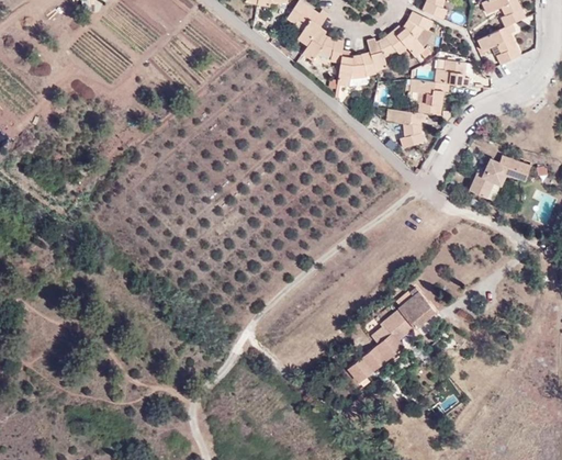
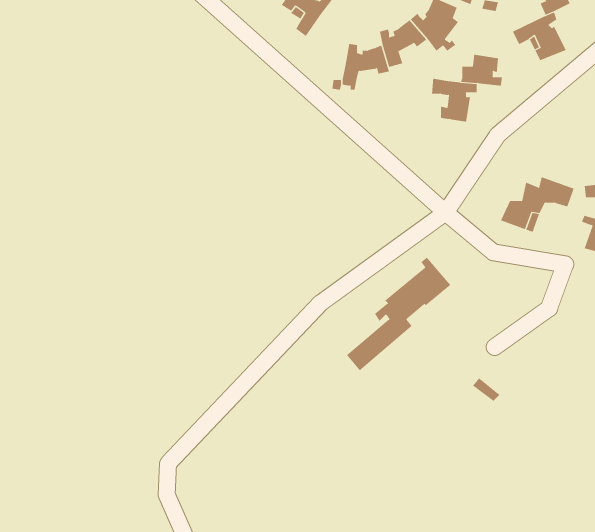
building: [301,26,344,63] -> none
building: [385,108,425,147] -> none
building: [349,288,436,382] -> [346,257,451,371]

